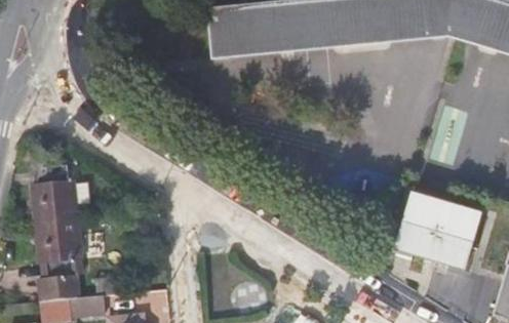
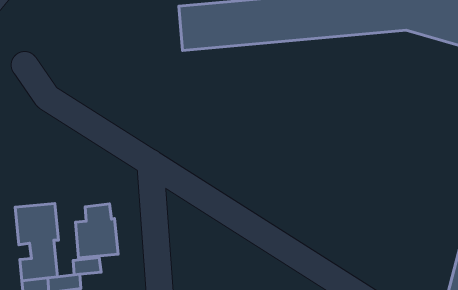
building: [32,166,77,224] -> [76,204,118,258]
building: [396,195,480,270] -> none

